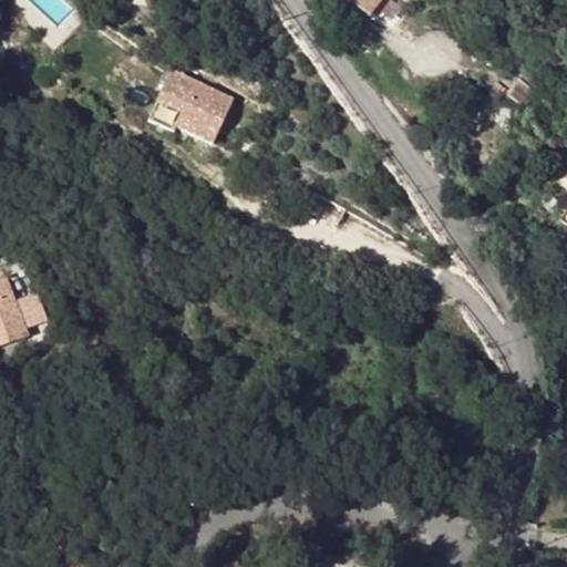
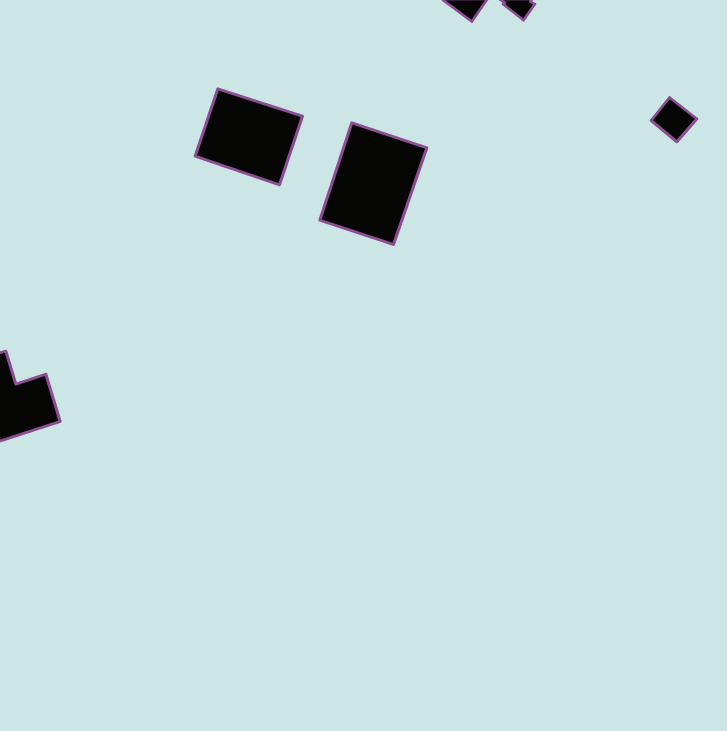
building: none -> [320,123,427,244]

